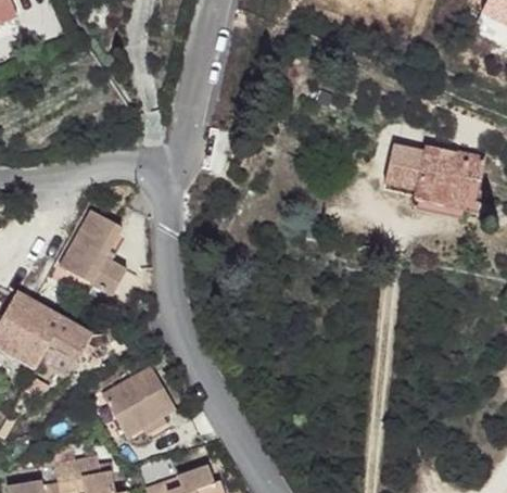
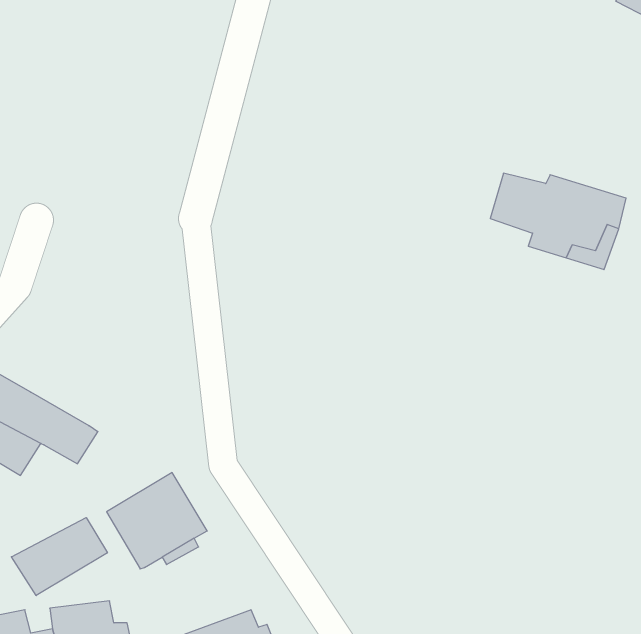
building: [62,211,128,300] -> none
building: none -> [11,518,107,596]

